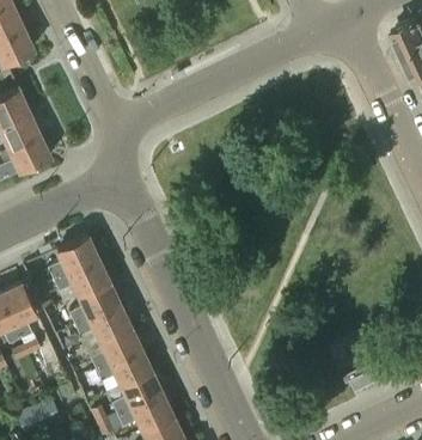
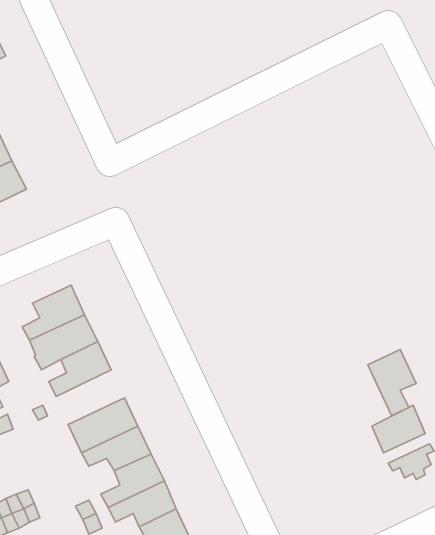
building: none -> [368,350,416,415]
building: [68,305,132,349] -> none

